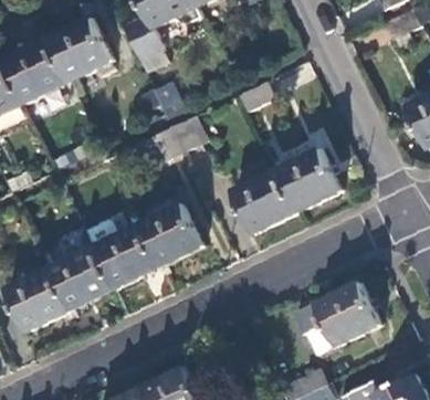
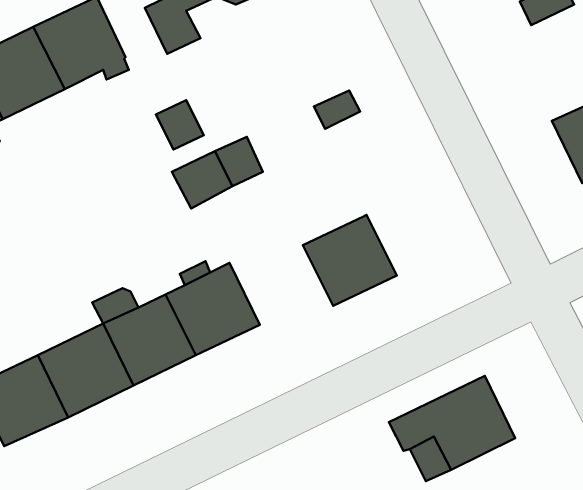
building: [276,147,342,211] -> none

